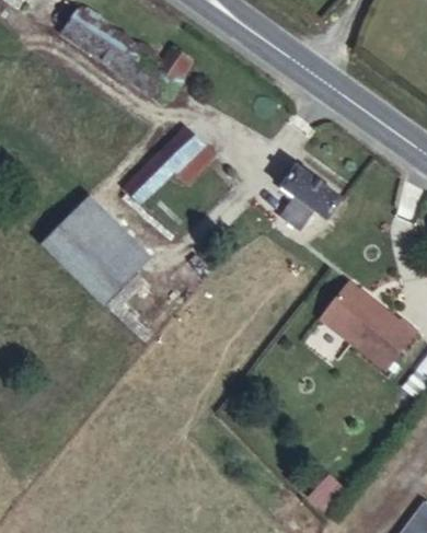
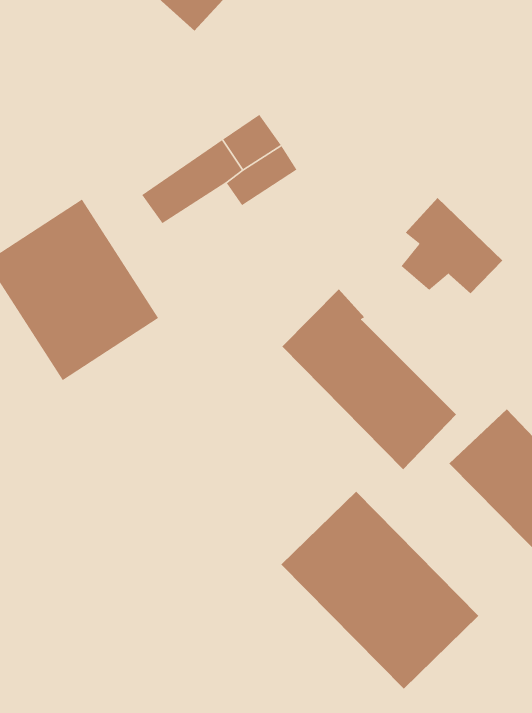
building: none -> [281,288,457,470]
building: none -> [281,491,479,689]

